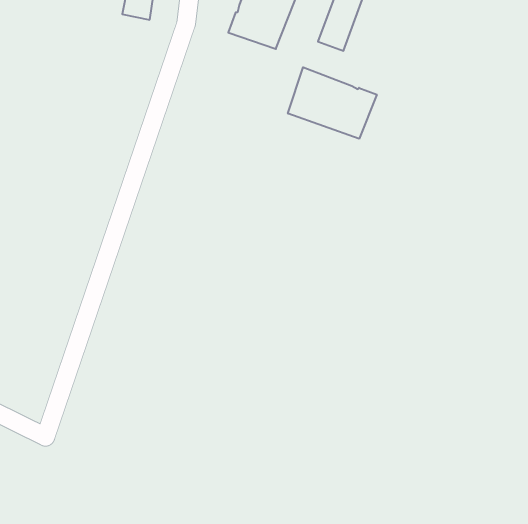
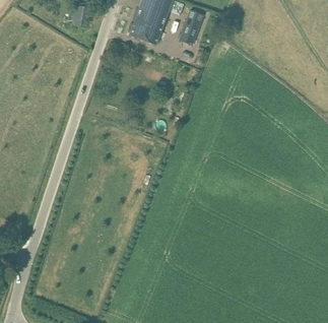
building: [288,67,377,139] -> none

